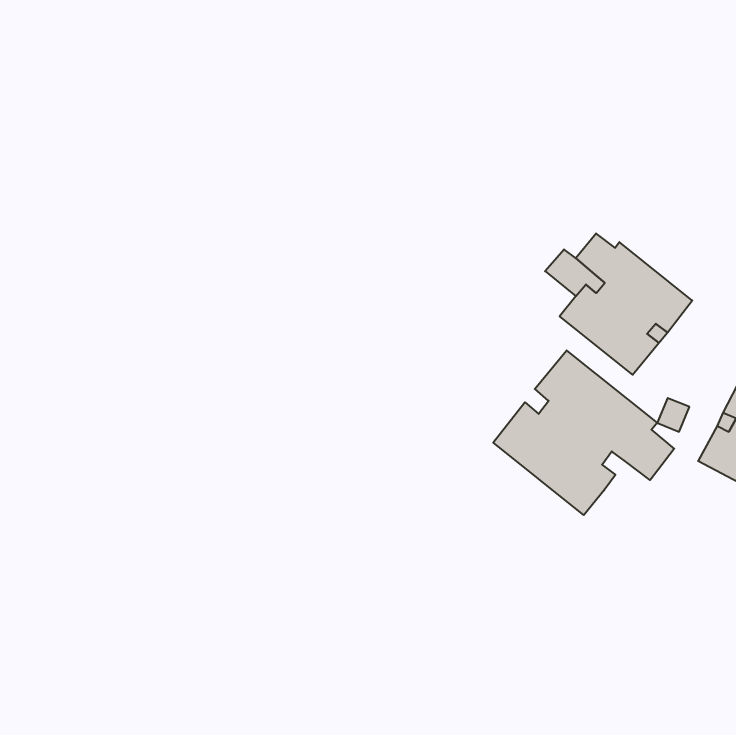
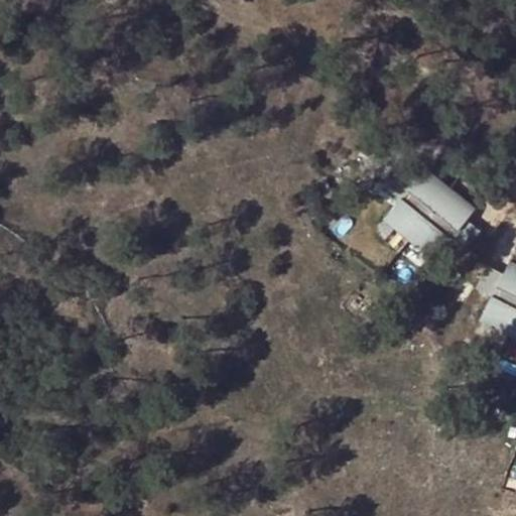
building: [493,350,674,515] -> none

